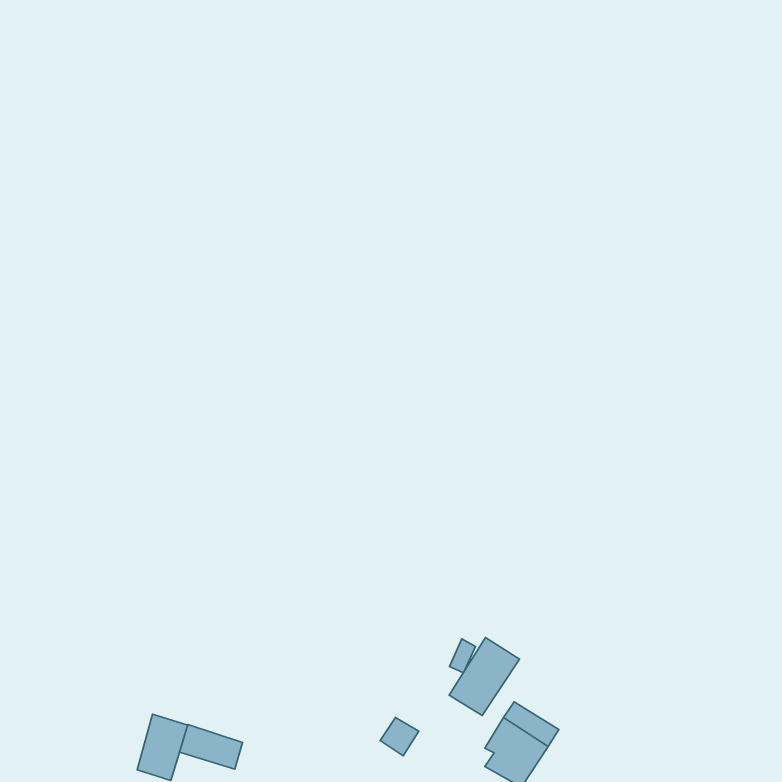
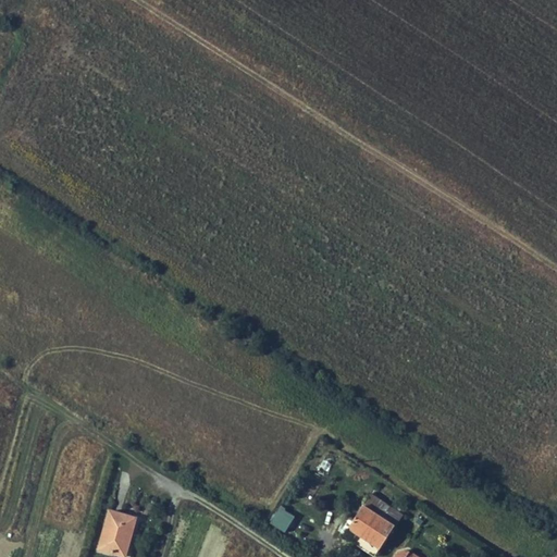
building: [449,638,520,715] -> none
building: [180,725,243,769] -> none

